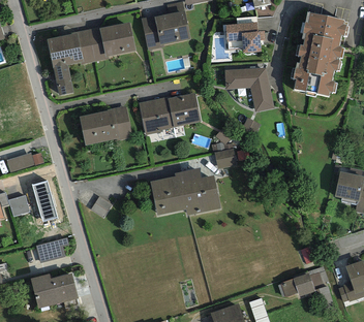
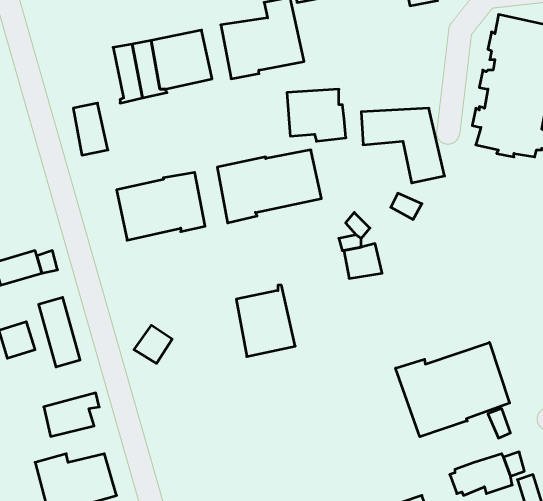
building: [225,22,261,53] -> [287,89,346,141]
building: [47,31,83,67] -> none
building: [177,167,220,215] -> none
building: none -> [396,342,510,437]

